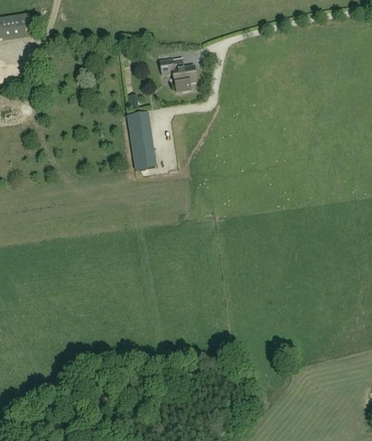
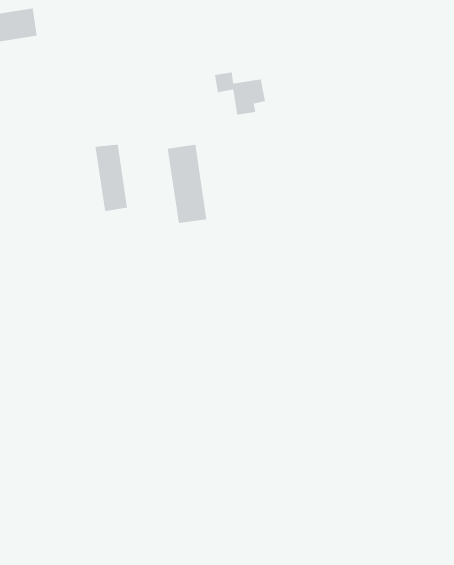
building: none -> [95,144,128,212]

